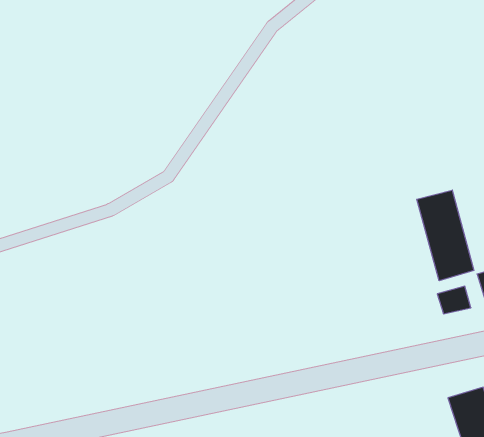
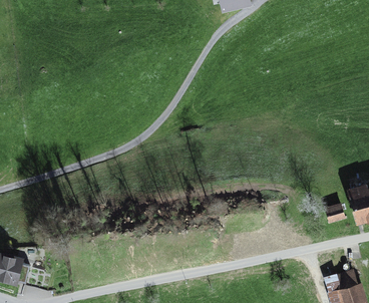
building: [417,190,474,281] -> none

